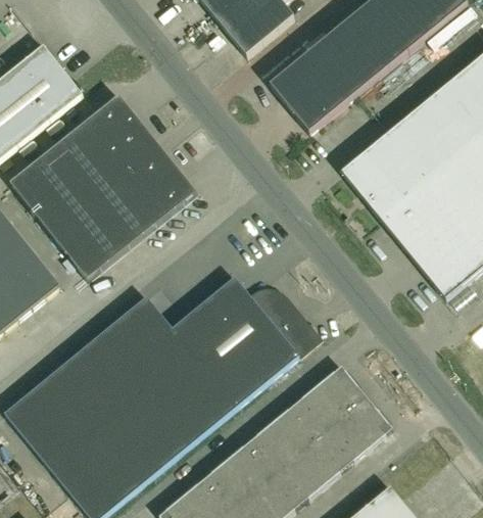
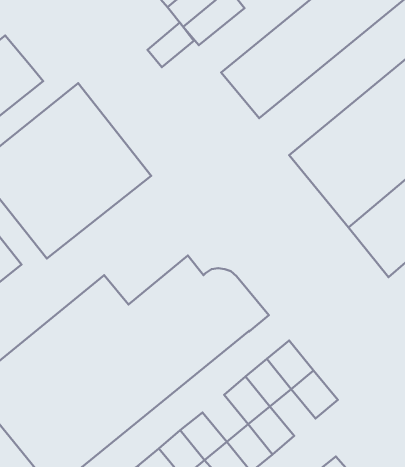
building: none -> [148,23,194,67]
building: [321,416,369,465] -> none
building: [250,422,298,471] -> none

